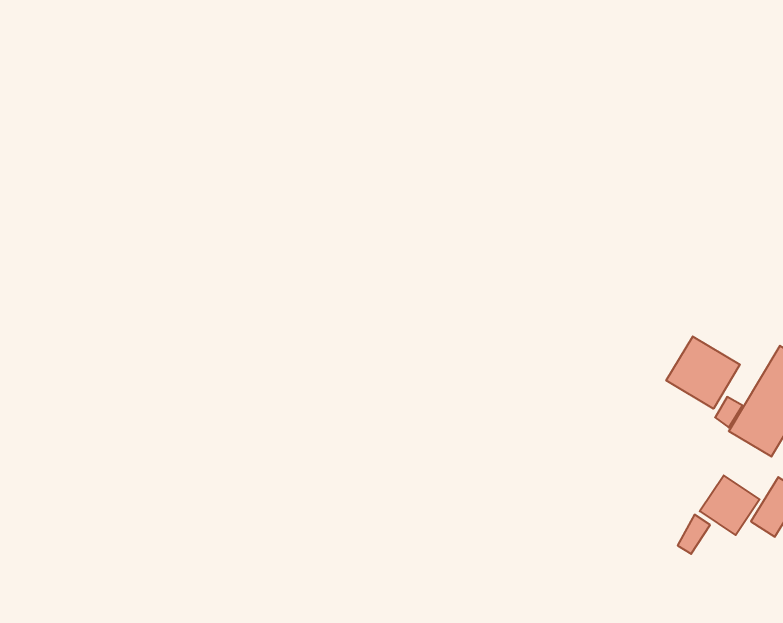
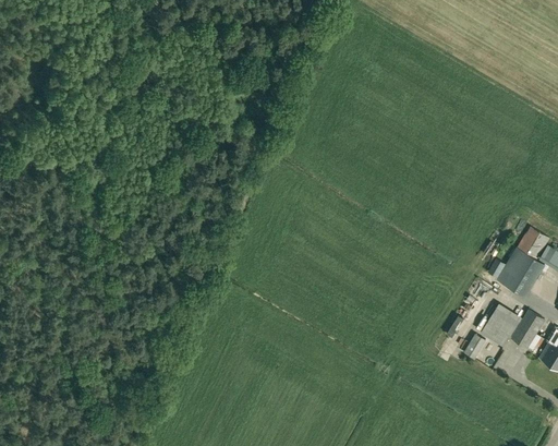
building: [666,336,740,409] -> none

